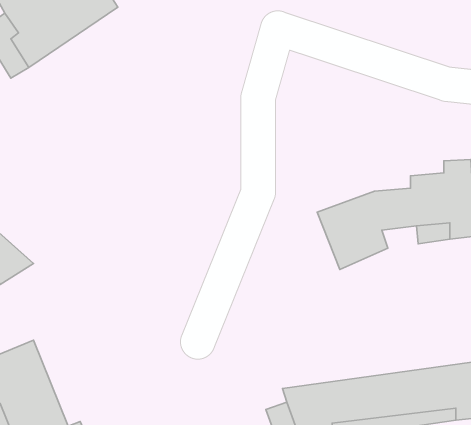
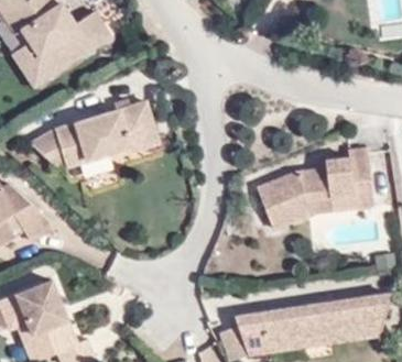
building: none -> [33,99,162,168]

